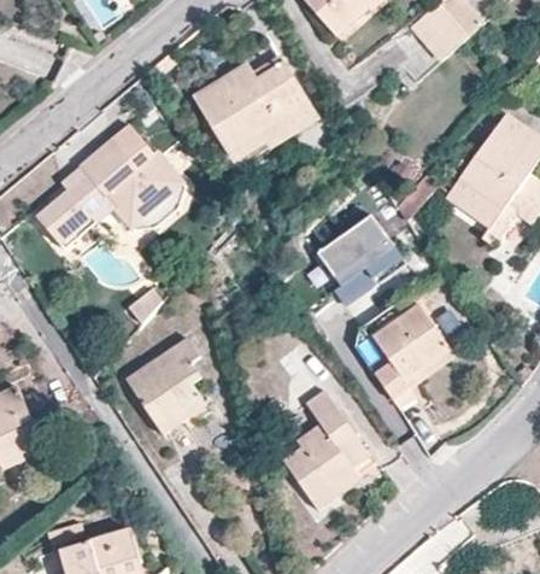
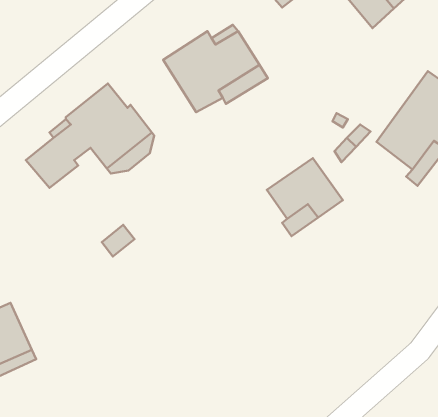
building: [370,301,454,406] -> none
building: [124,335,209,434] -> none
building: [282,388,369,510] -> none

